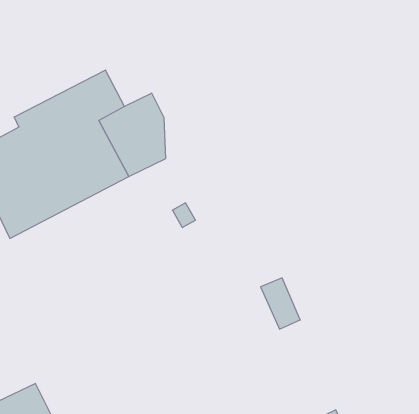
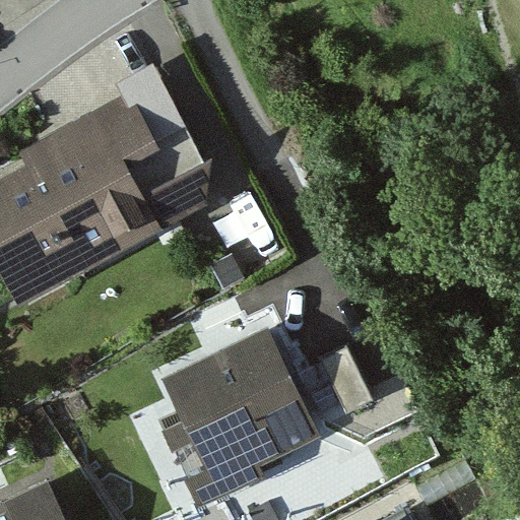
building: none -> [159,324,319,508]

